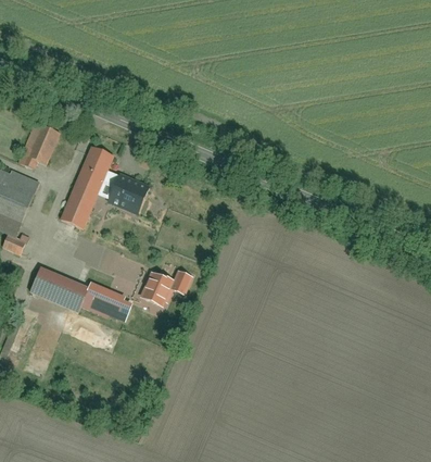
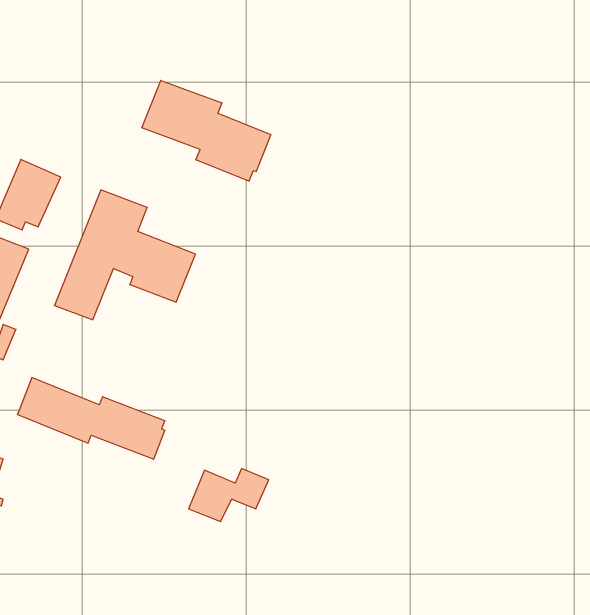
building: none -> [142,80,271,181]
building: [141,271,195,307] -> [189,469,269,522]

